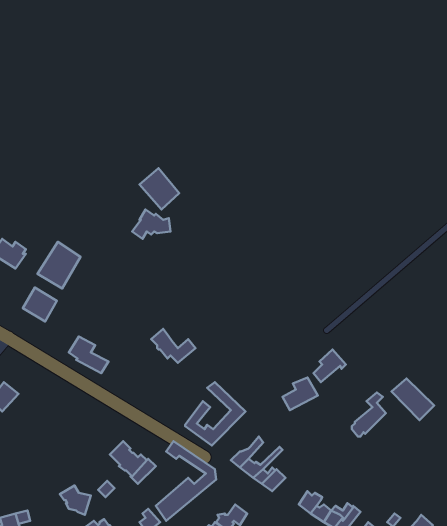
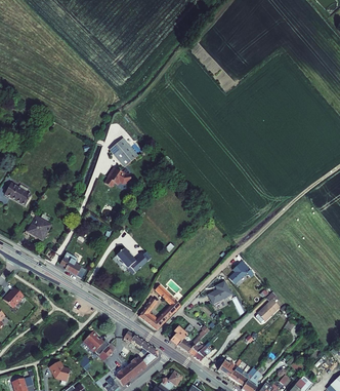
building: [38,242,81,289] -> none
building: [392,378,434,420] -> none

